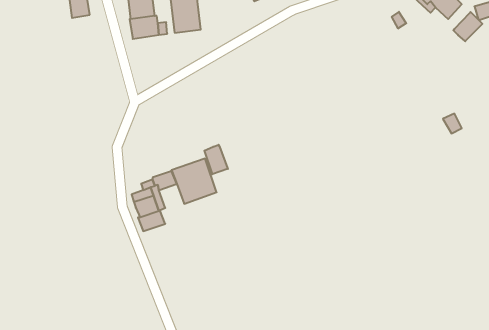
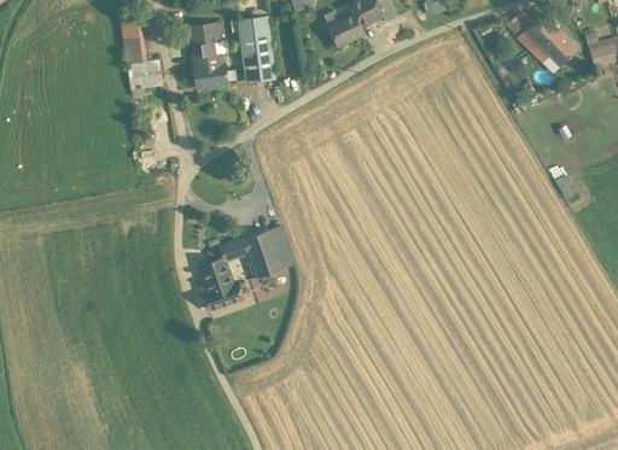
building: [453,12,482,41] -> none
building: none -> [127,59,162,90]
building: [204,145,228,174] -> none

